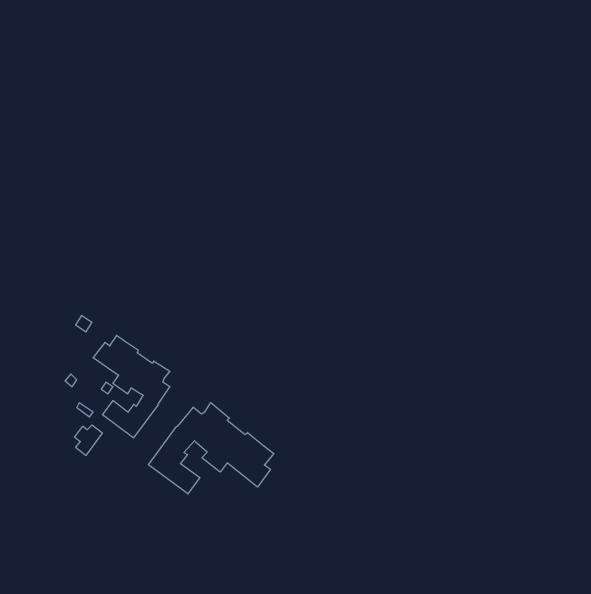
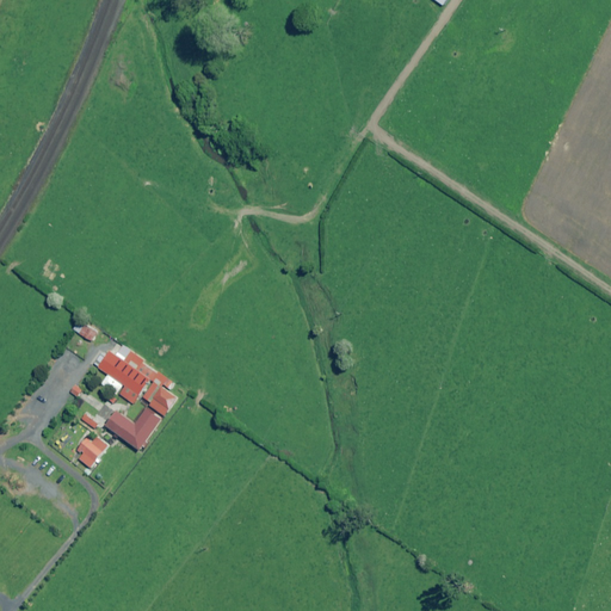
building: [148,403,274,494] -> none

